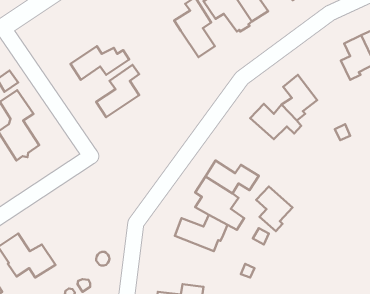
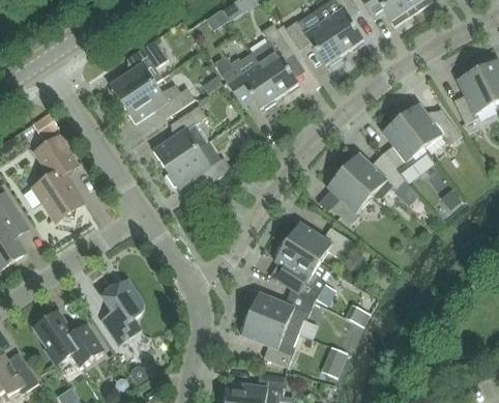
building: none -> [109,39,167,104]
building: none -> [214,51,278,108]
building: none -> [400,103,461,148]
building: none -> [166,142,229,189]
building: [256,186,293,231] -> [326,170,371,225]
building: none -> [101,279,142,345]
building: none -> [241,314,297,367]

